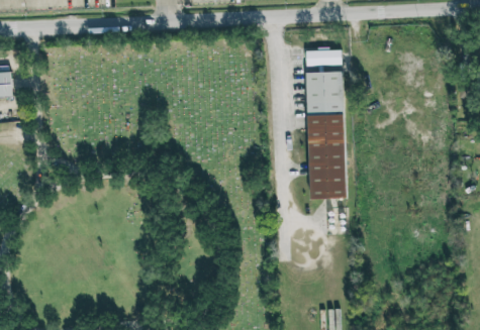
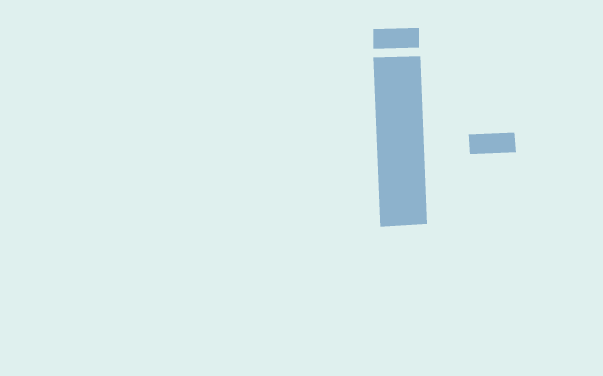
building: none -> [468,132,516,155]

